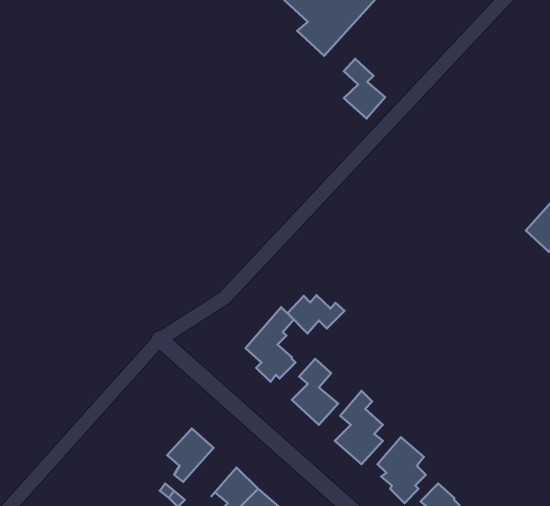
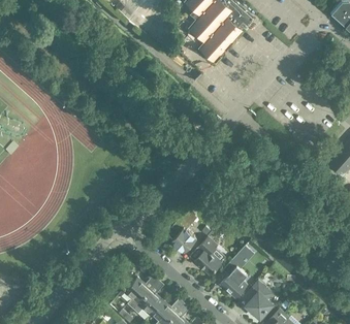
building: [344,59,385,118] -> none
building: [287,295,345,334] -> none
building: none -> [131,289,162,317]

